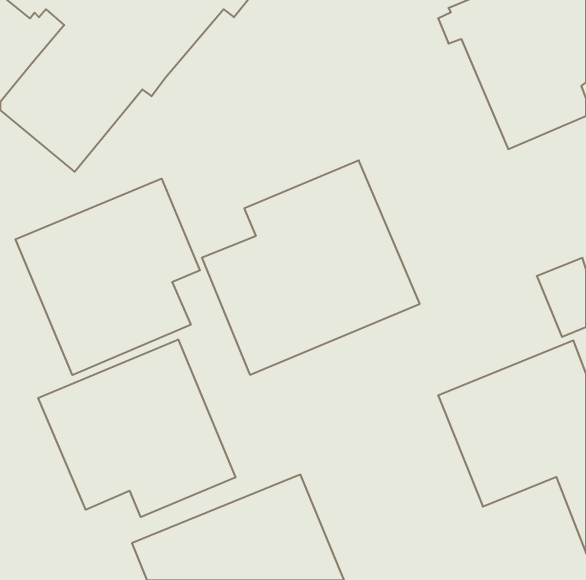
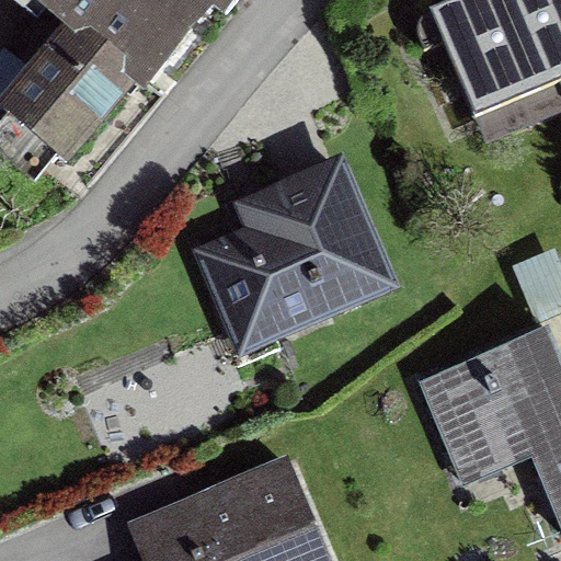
building: [16,179,200,375] -> none
building: [38,339,235,517] -> none

